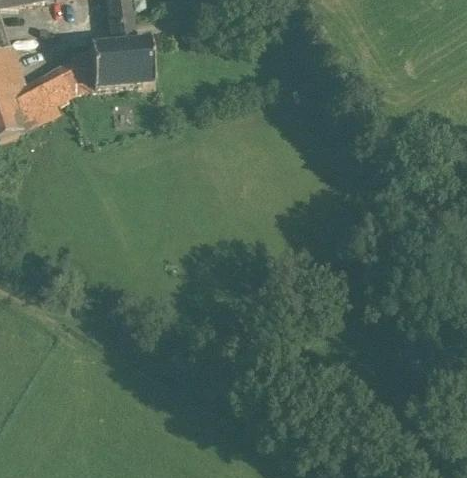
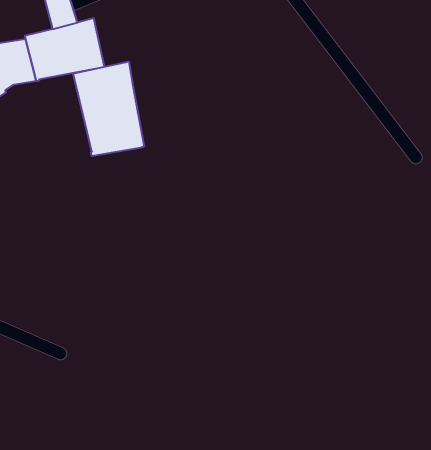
building: none -> [73,62,144,156]

